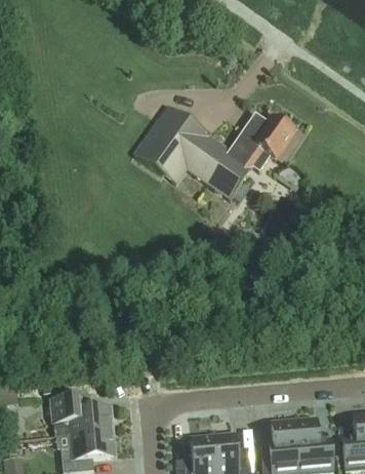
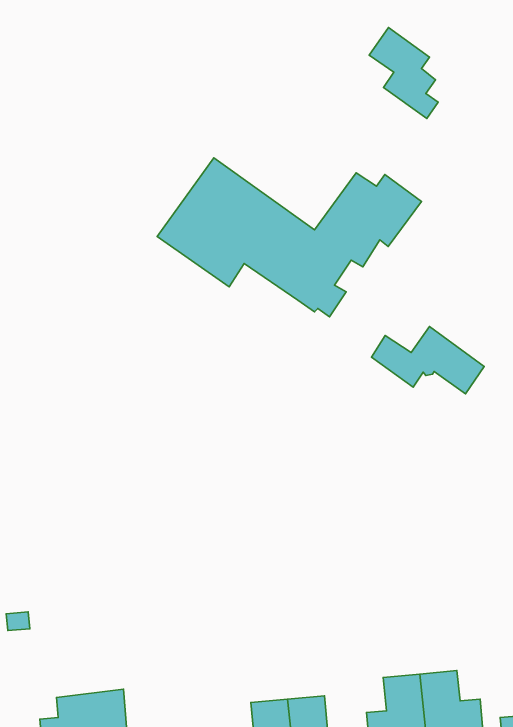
building: none -> [369,28,438,118]
building: none -> [372,327,484,394]
building: [52,396,113,436] -> none

